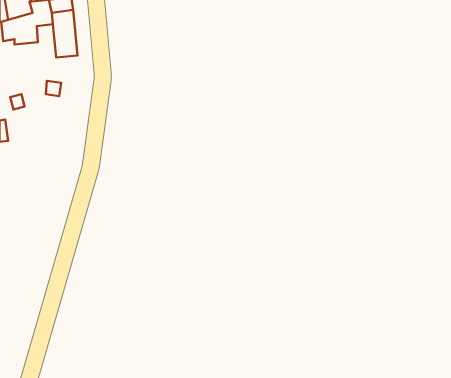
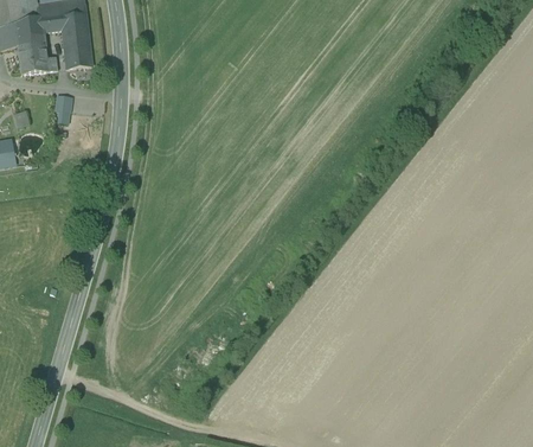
building: none -> [18,50,47,74]

